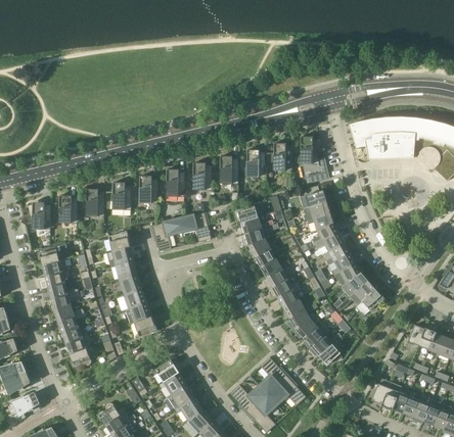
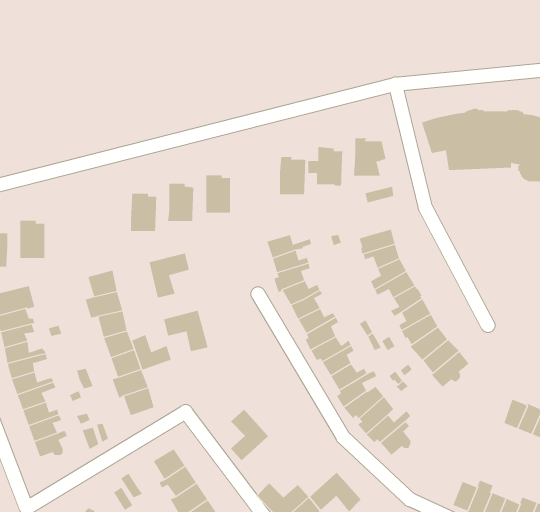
building: [220,155,238,185] -> none
building: [112,182,131,209] -> none
building: [300,185,327,208] -> none
building: [86,189,104,217] -> none
building: [179,211,212,242] -> [163,309,209,352]
building: none -> [131,334,171,373]
building: [260,356,289,394] -> [230,409,271,461]

